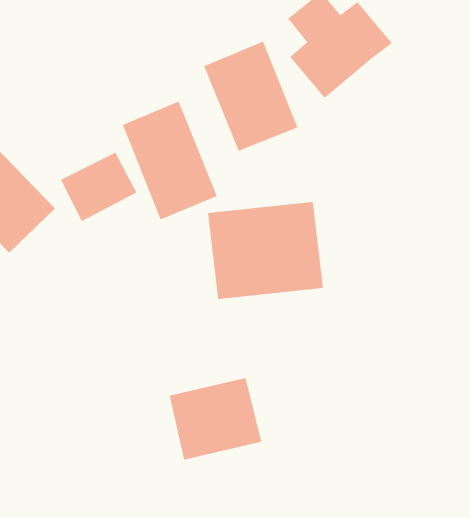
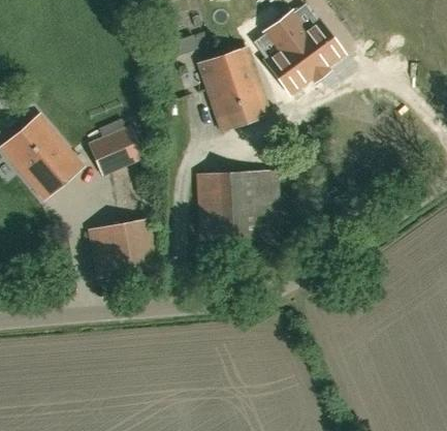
building: [122,101,218,220] -> none
building: [169,377,262,460] -> [89,219,157,279]

